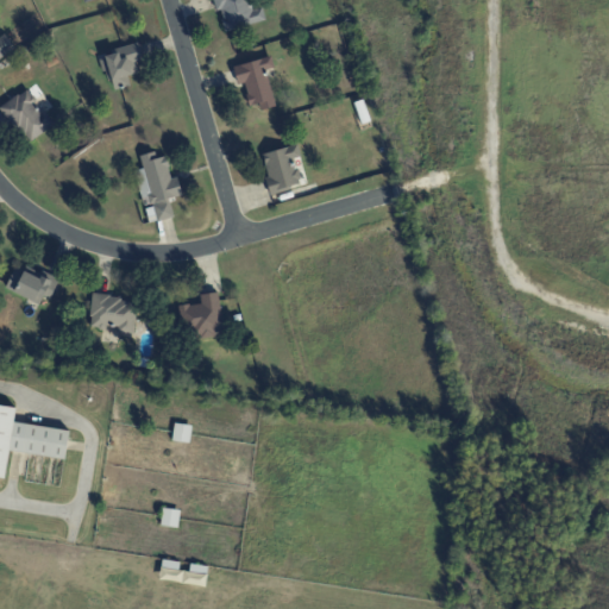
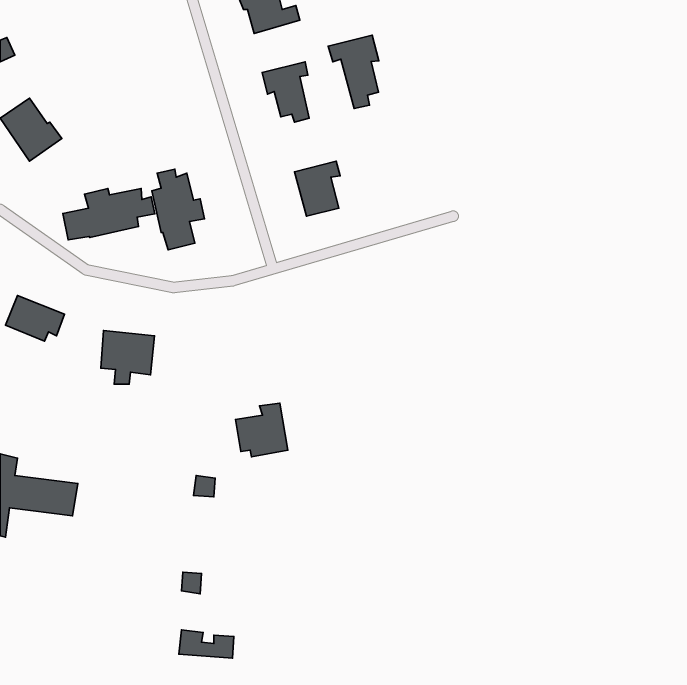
building: none -> [328,35,379,108]
building: [103,42,145,88] -> none
building: none -> [63,188,155,240]
building: [177,290,224,338] -> [235,403,288,457]

